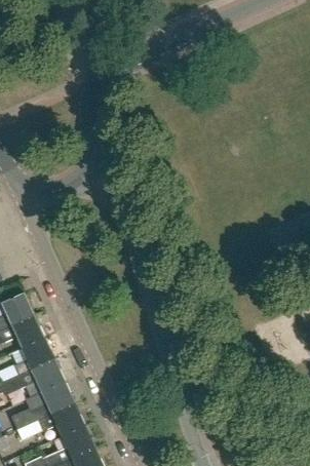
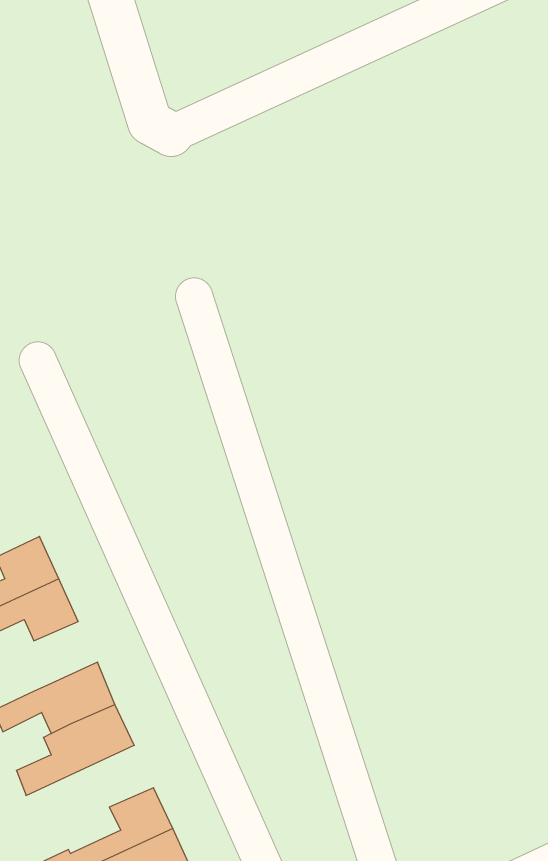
building: [12,337,54,375] -> none
building: [16,402,84,439] -> none

